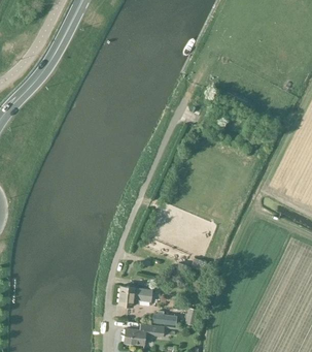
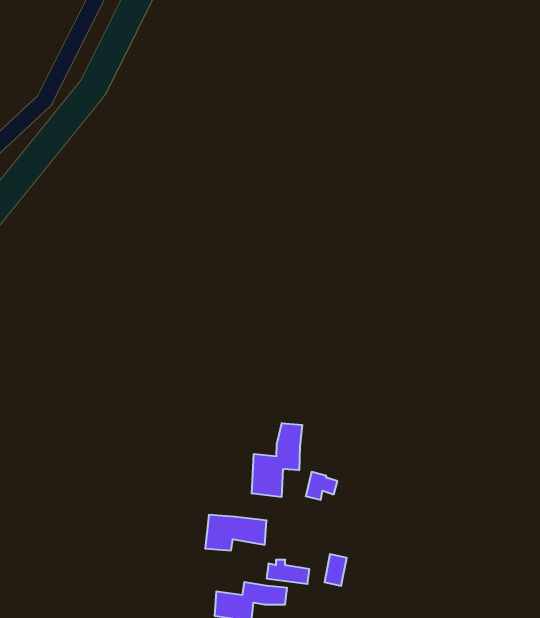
building: none -> [252,423,302,497]

